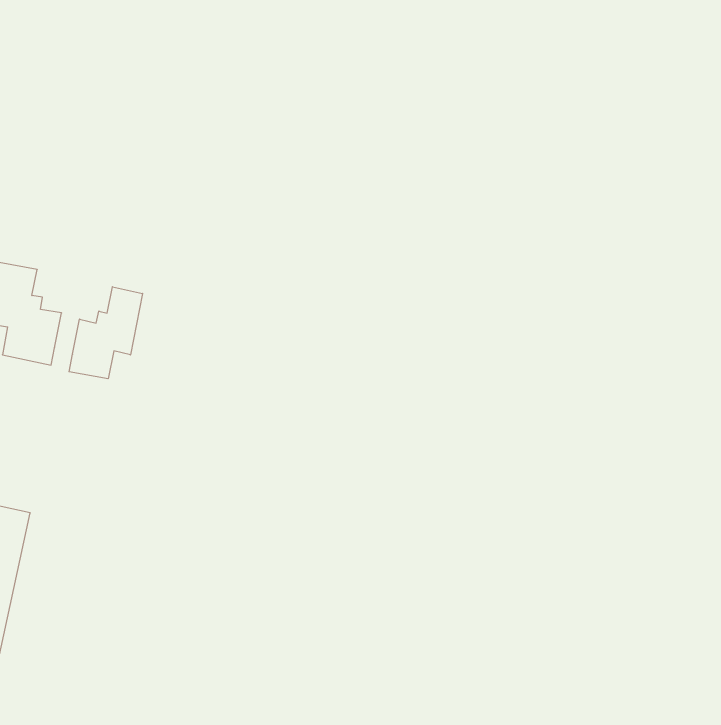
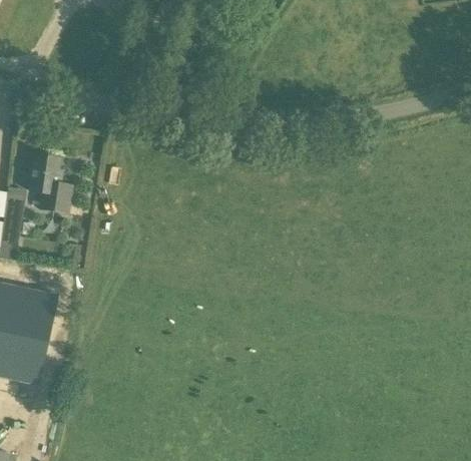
building: [69,287,143,379] -> none

